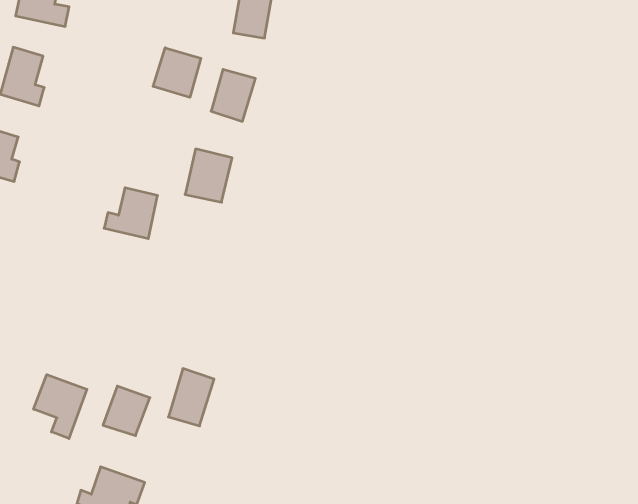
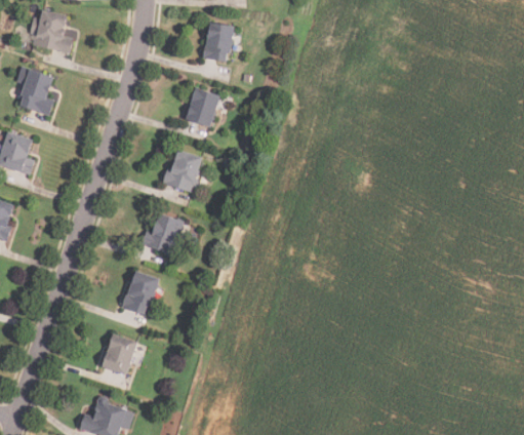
building: [153,48,201,97] -> none
building: [104,188,158,239] -> [140,214,183,254]
building: [168,369,214,426] -> [122,270,158,315]
building: [34,375,87,439] -> none

